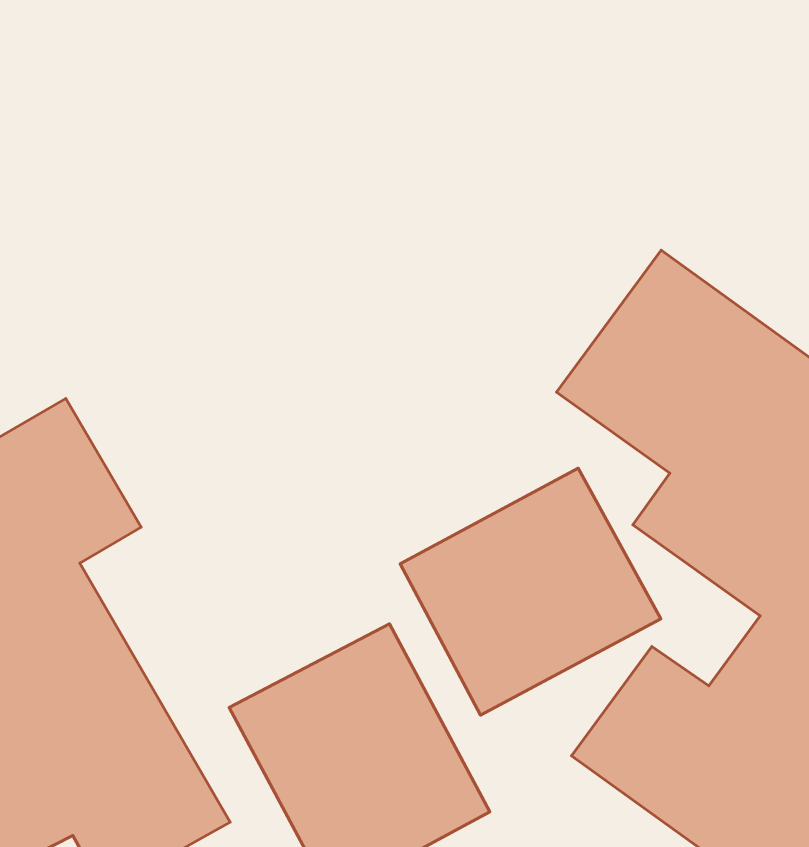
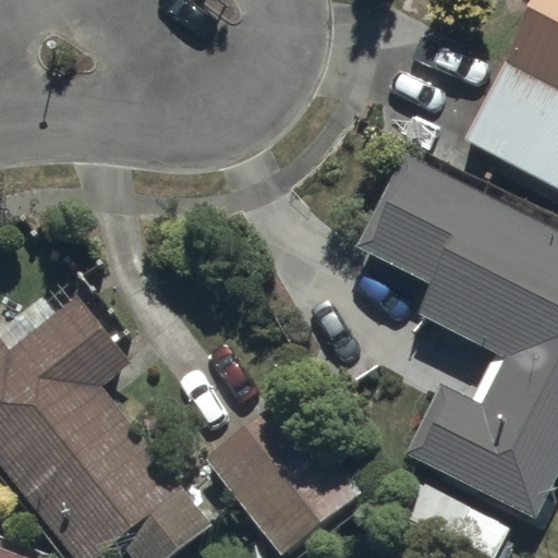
building: [400,468,661,715] -> none

